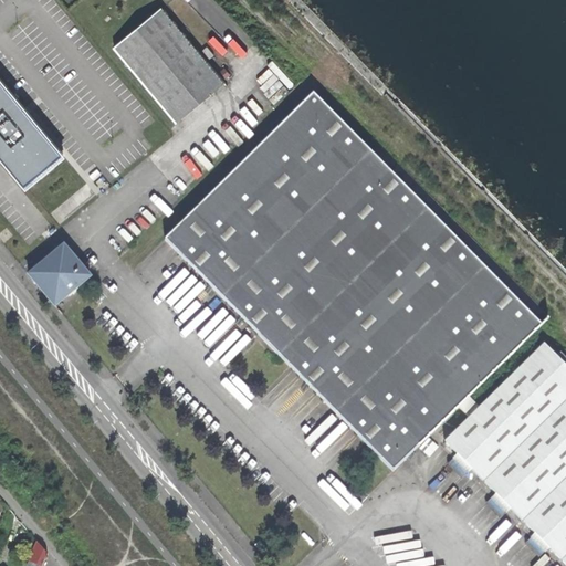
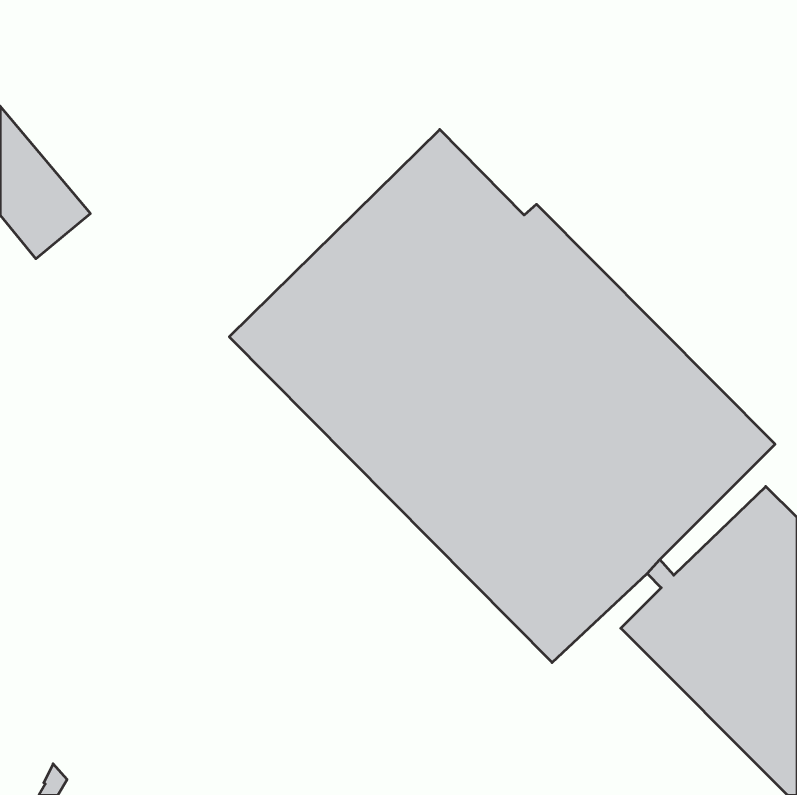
building: [116,6,228,122] -> none
building: [28,245,88,305] -> none

